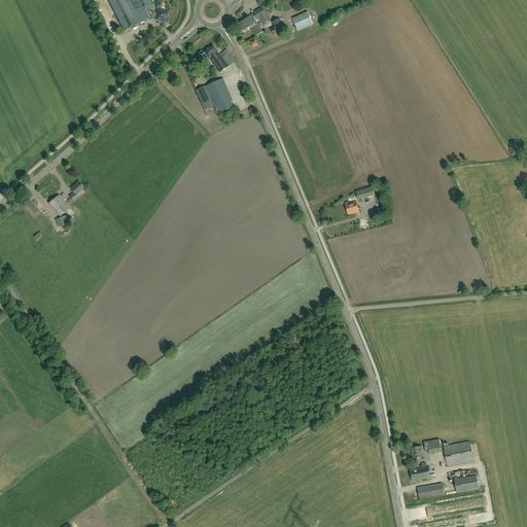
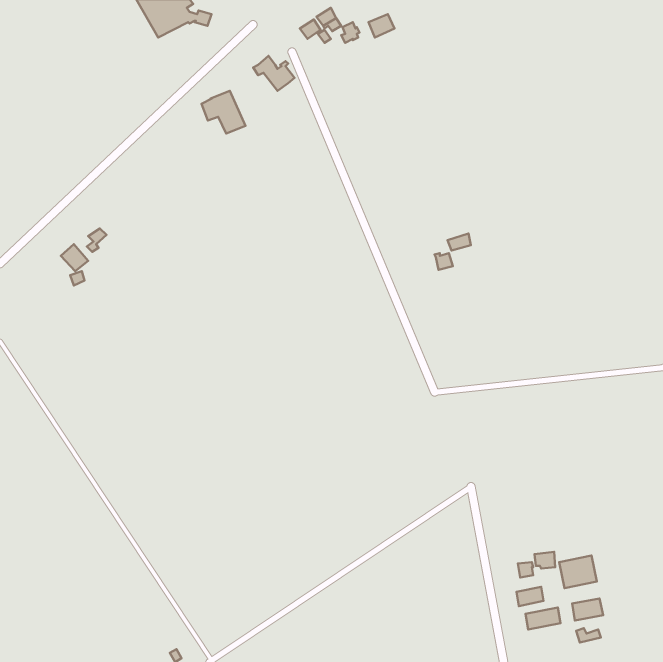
building: [198,79,233,113] -> [201,91,245,134]

